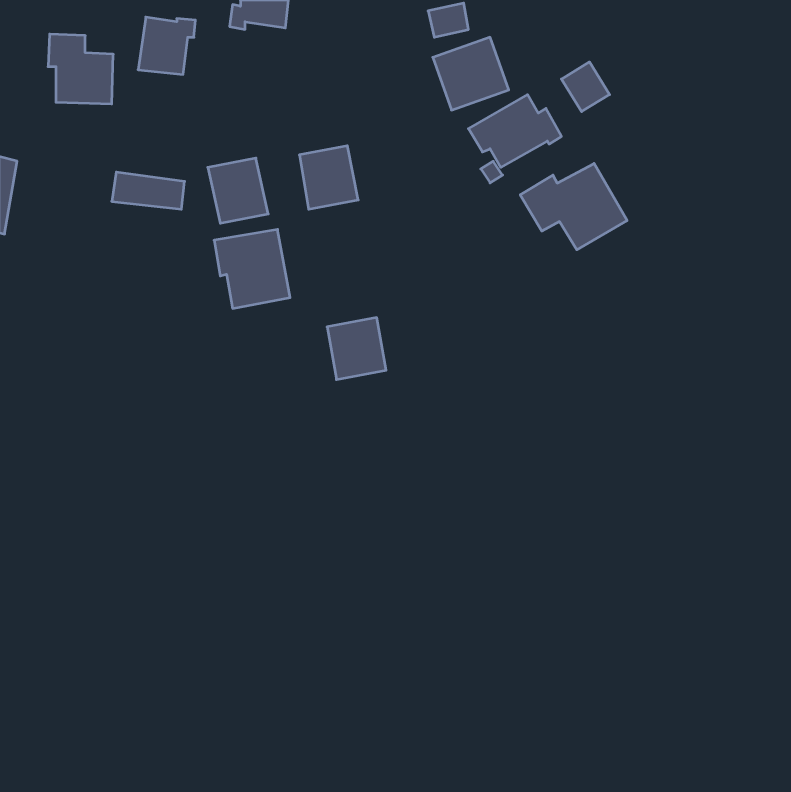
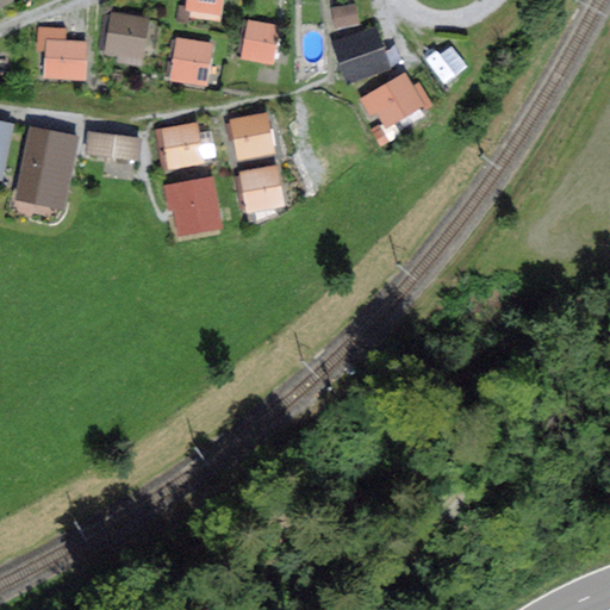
building: none -> [241,20,281,64]
building: none -> [170,37,213,86]
building: [520,163,627,250] -> none
building: none -> [14,126,69,205]
building: [327,318,386,380] -> [239,164,285,212]

